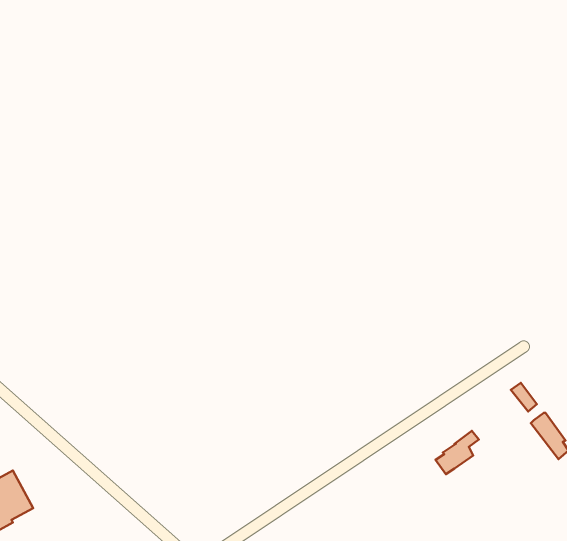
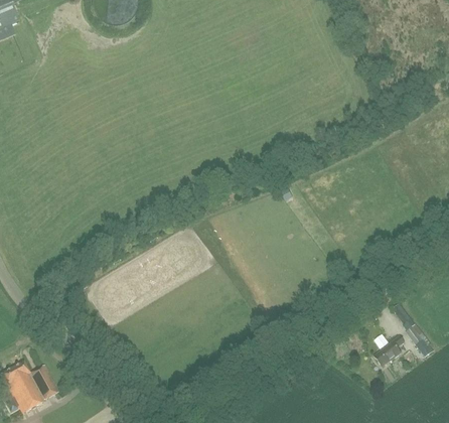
building: [436,431,479,474] -> [373,334,404,365]

